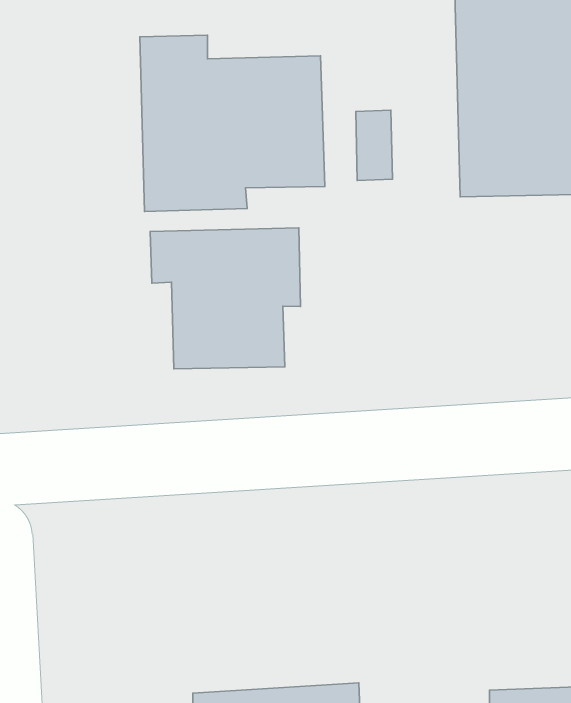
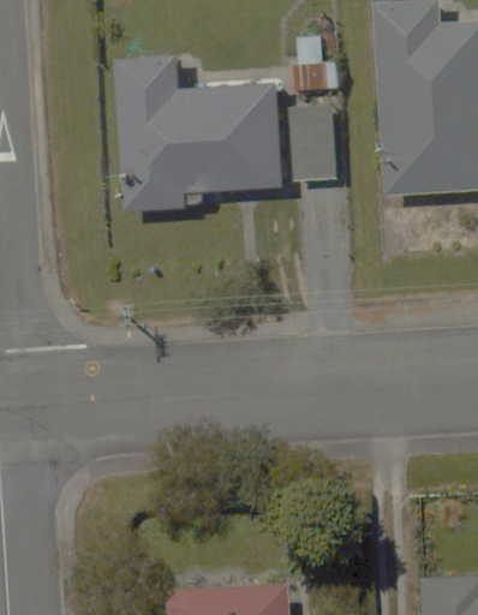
building: [150,228,300,369] -> none

